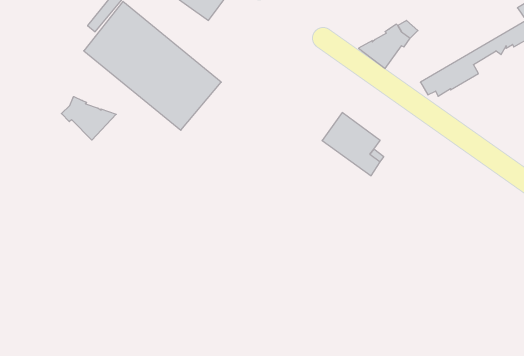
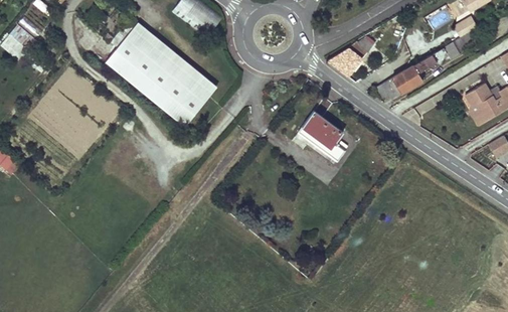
building: [61,97,116,140] -> none

